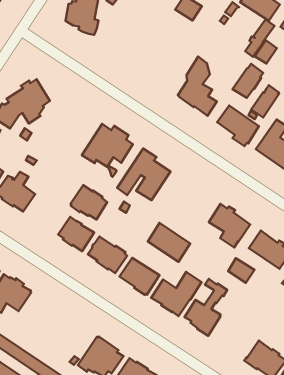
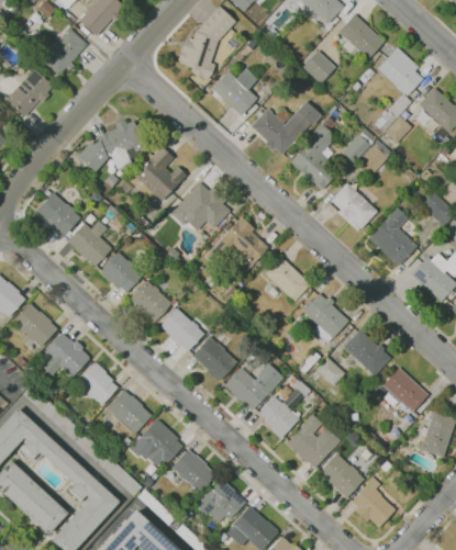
building: none -> [209,69,256,115]
building: none -> [249,108,311,155]
building: [251,85,279,117] -> [341,128,375,164]
building: none -> [135,146,187,200]
building: [70,185,107,219] -> [101,251,143,292]
building: [148,223,190,262] -> [264,255,311,302]
building: none -> [77,362,119,405]
building: none -> [287,413,341,468]
building: none -> [107,389,152,433]

